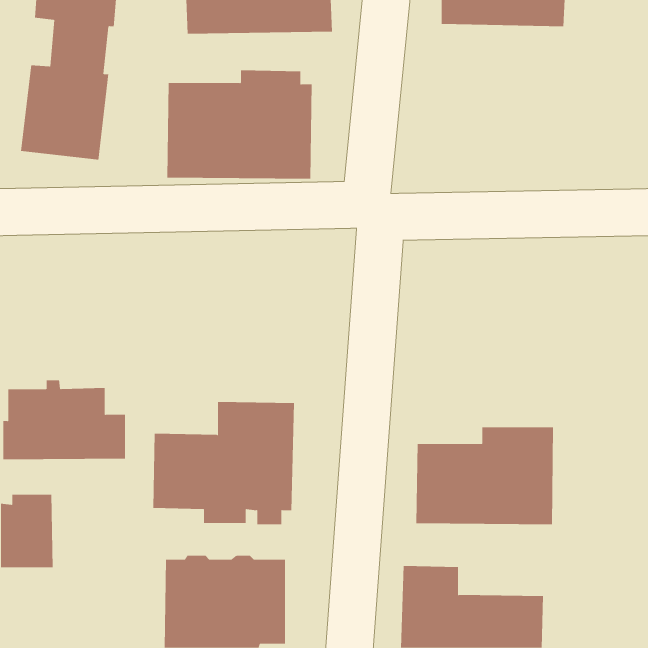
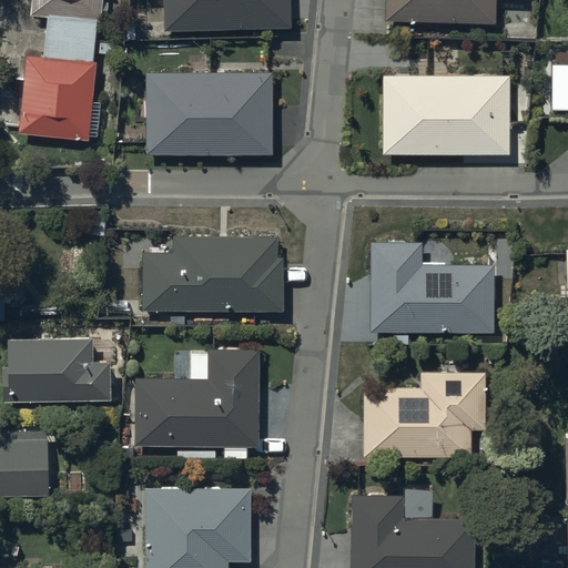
building: none -> [383,74,515,155]
building: none -> [367,236,494,344]
building: none -> [142,237,284,312]

